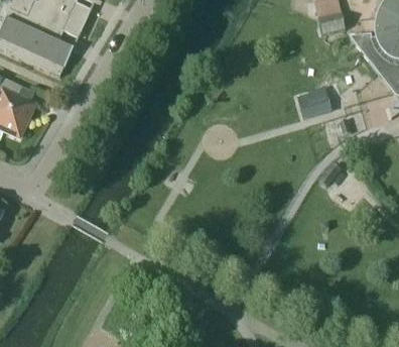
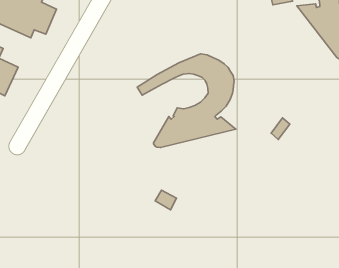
building: none -> [137,54,236,147]
building: [298,89,330,117] -> none

